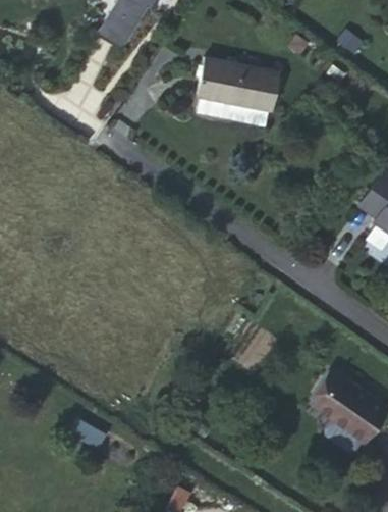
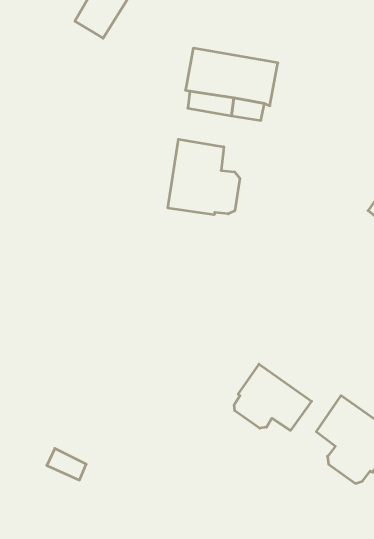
building: none -> [168,139,240,215]
building: none -> [234,364,312,430]

